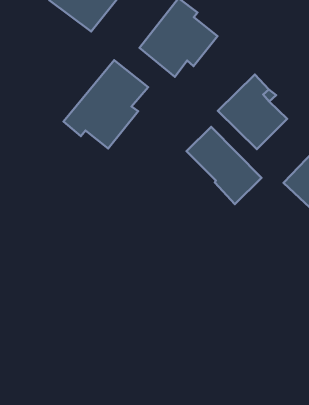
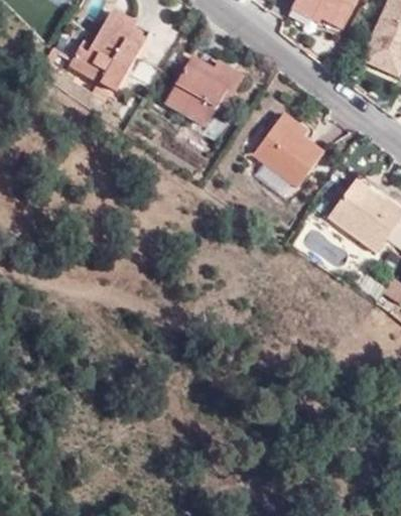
building: [63,60,148,149] -> none
building: [187,127,261,204] -> none

